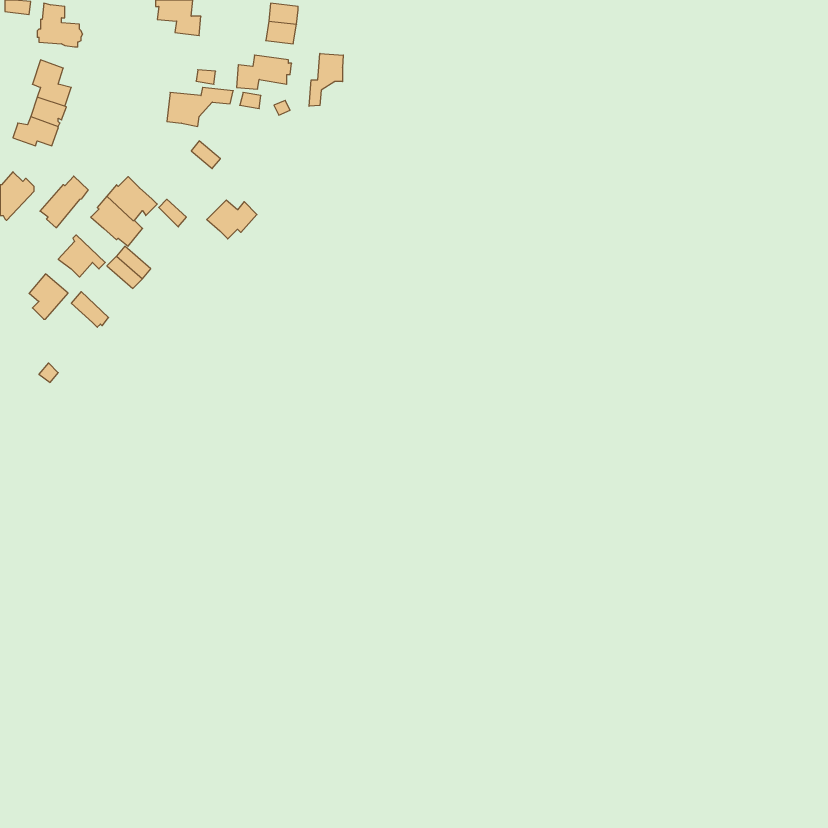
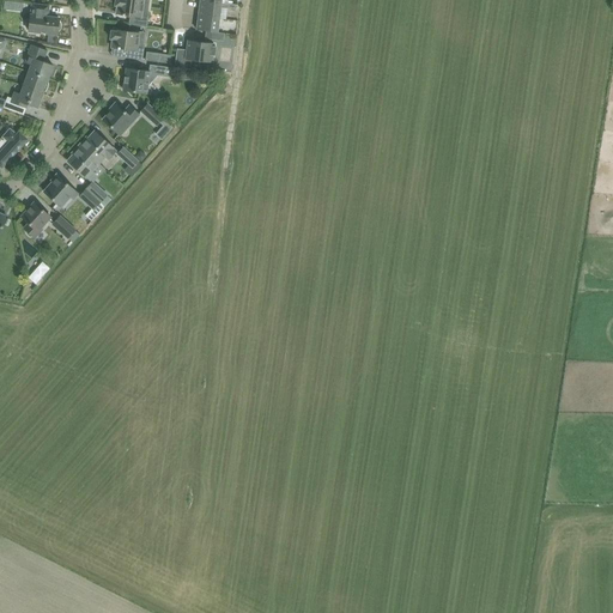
building: none -> [110,29,144,60]
building: [309,53,343,106] -> none
building: [40,176,88,228] -> none
building: [207,200,257,239] -> [102,104,139,133]

